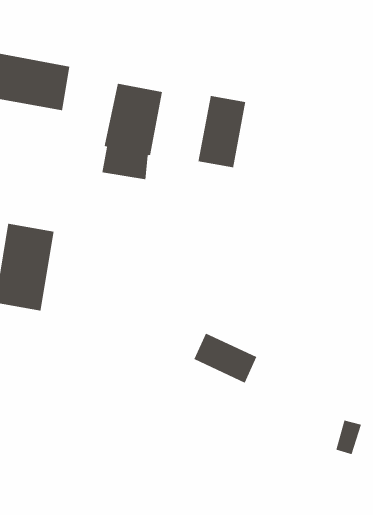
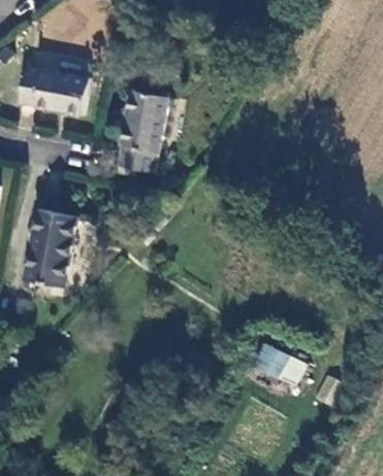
building: [198,95,246,168] -> none
building: [193,333,257,383] -> [256,344,311,387]

